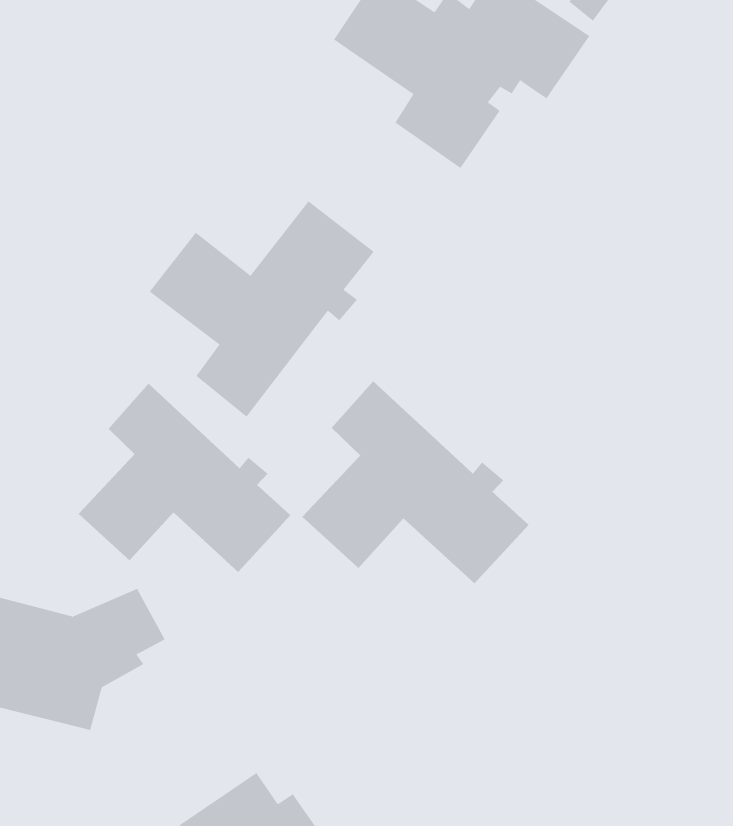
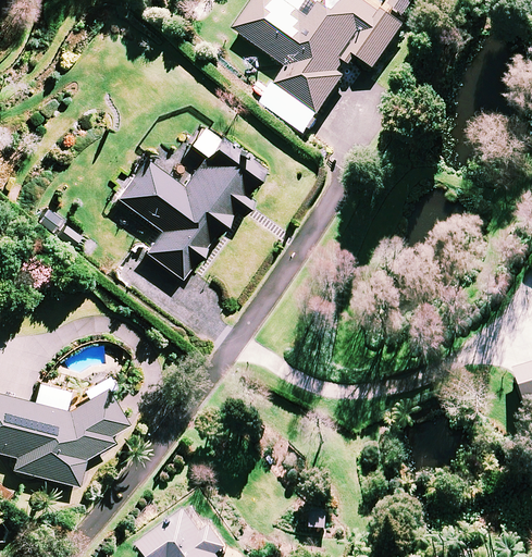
building: [302,380,530,584] -> none
building: [78,383,291,573] -> none

